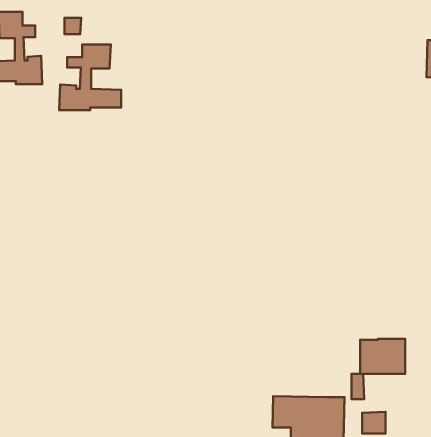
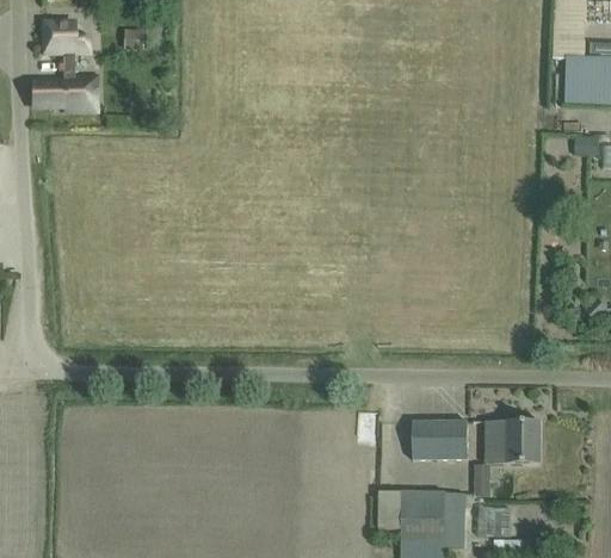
building: [59,45,121,110] -> none
building: none -> [412,420,467,459]

